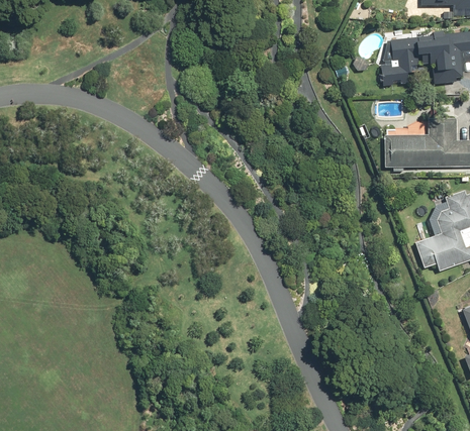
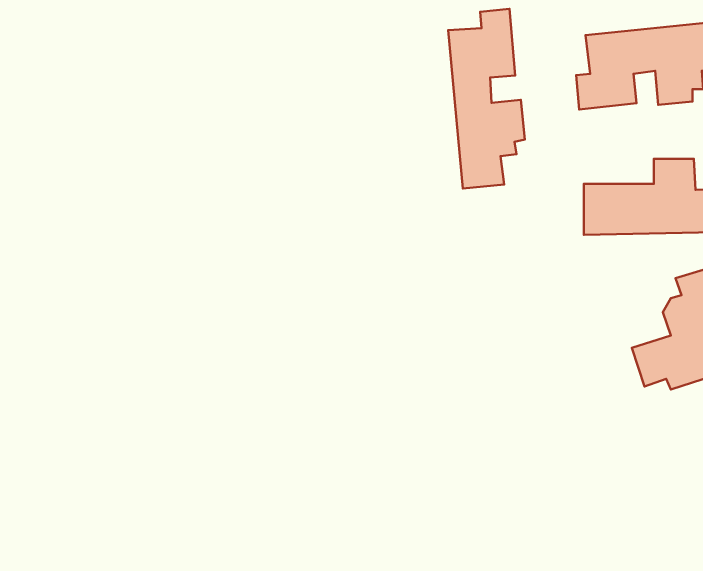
building: none -> [448,9,525,189]

